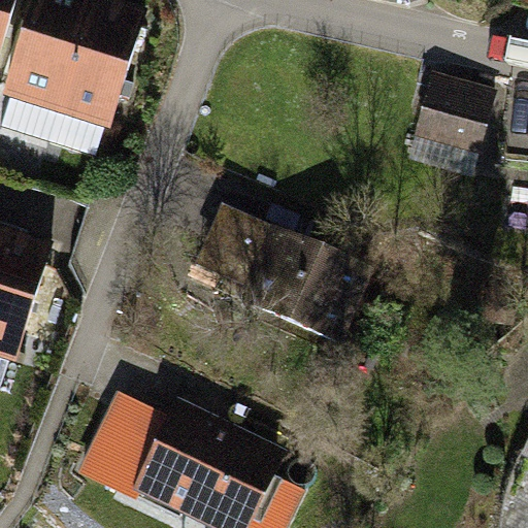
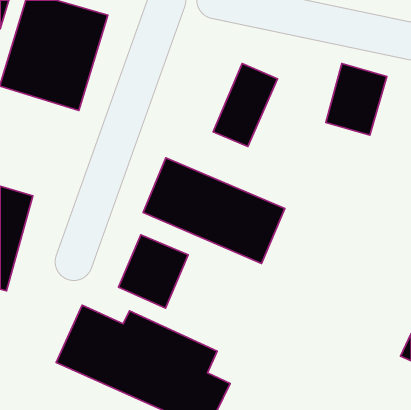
building: none -> [213,63,278,147]
building: none -> [119,235,188,308]

